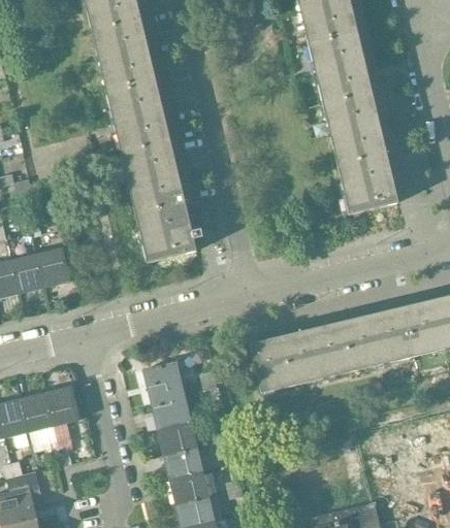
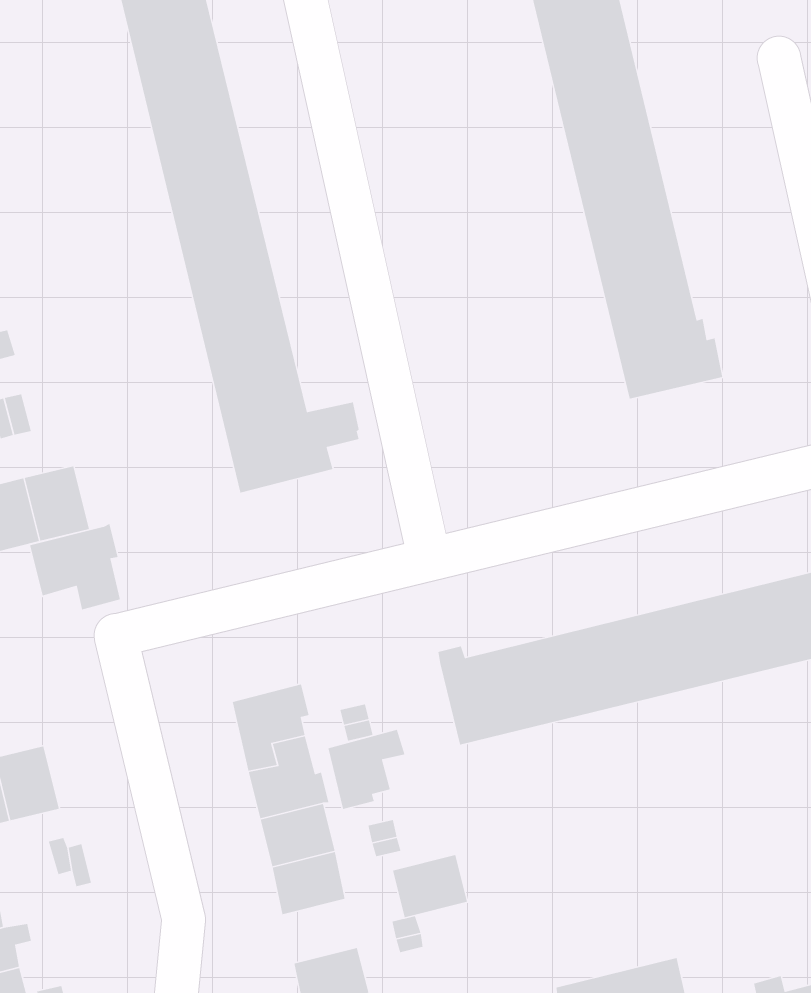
building: none -> [29,523,121,610]
building: none -> [327,729,405,810]
building: [49,385,81,424] -> none
building: [171,470,211,503] -> [392,854,468,918]

